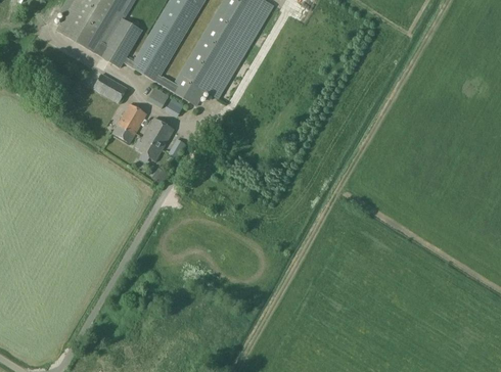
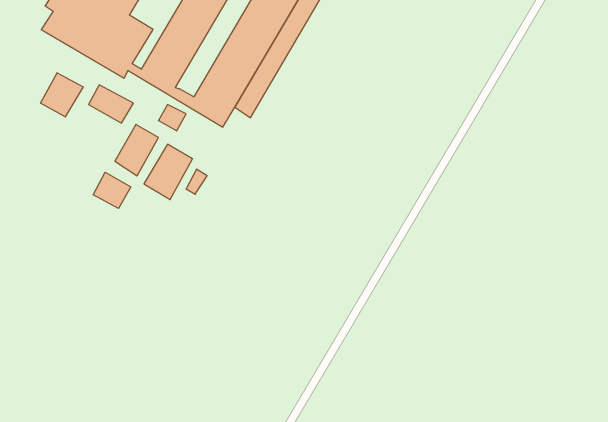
building: none -> [41,73,83,117]
building: none -> [93,172,131,208]

